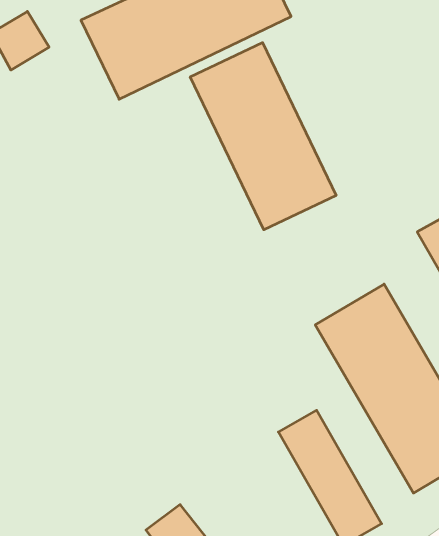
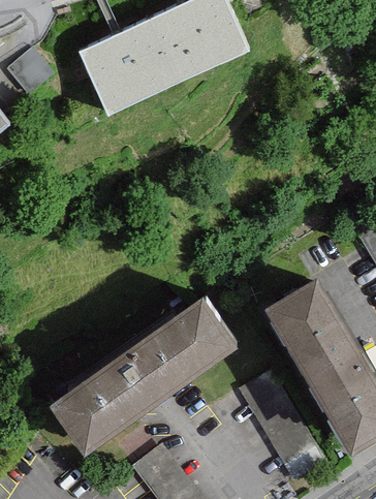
building: [190,43,336,230] -> none
building: none -> [50,289,243,451]

